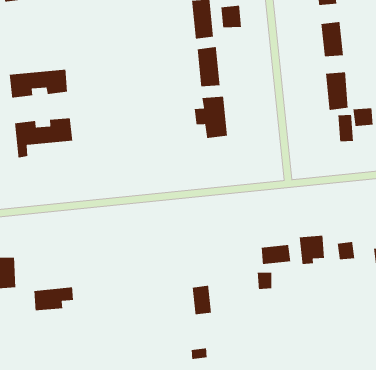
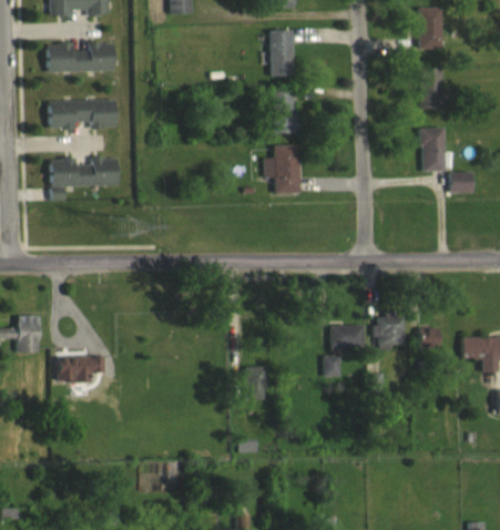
building: [221,5,242,28] -> none
building: none -> [48,42,115,72]
building: [337,114,354,142] -> none

